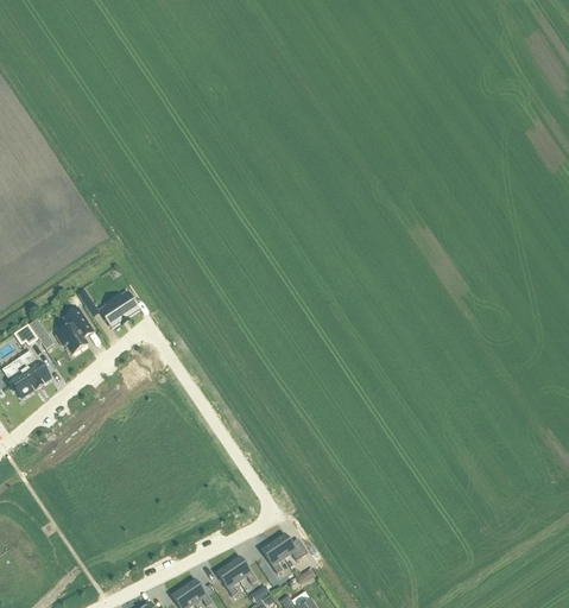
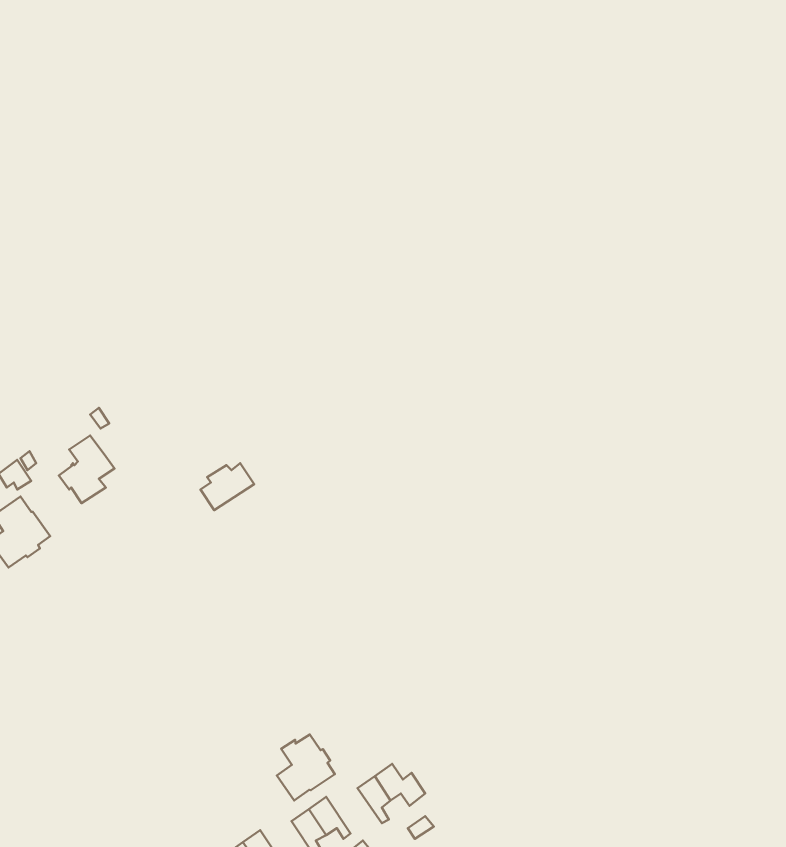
building: [101,293,138,325] -> [200,463,254,510]
building: none -> [277,734,335,800]

